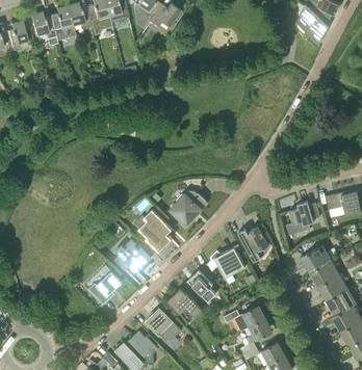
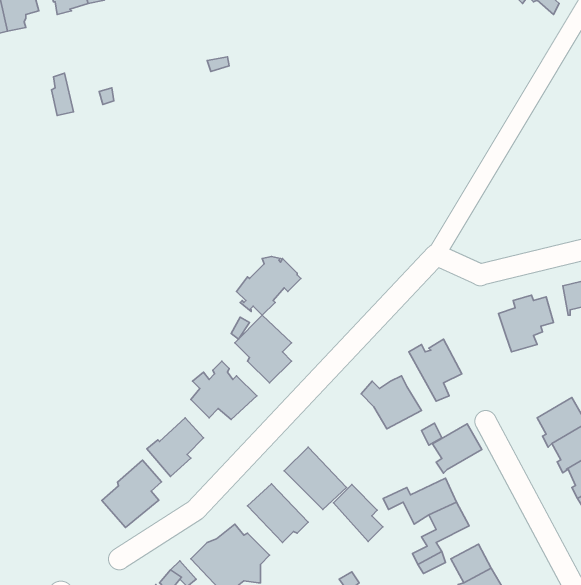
building: [172,190,208,223] -> [237,257,301,315]
building: [303,244,331,272] -> [433,424,482,473]
building: [188,269,216,301] -> [333,485,383,541]
building: none -> [102,460,162,528]

